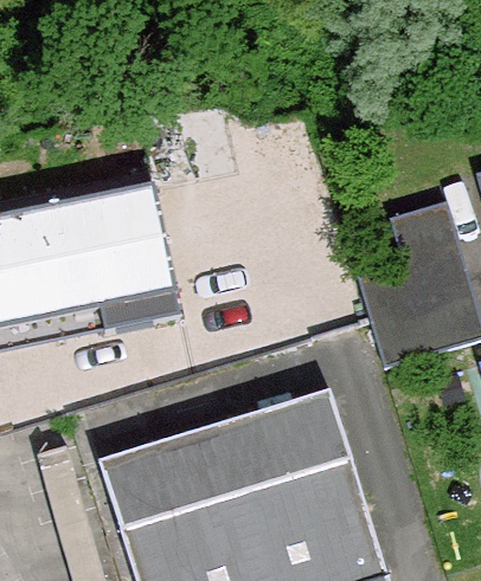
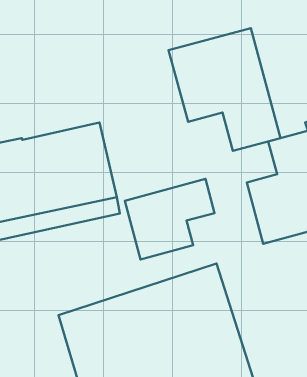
building: none -> [169,28,281,151]
building: none -> [125,179,215,259]

